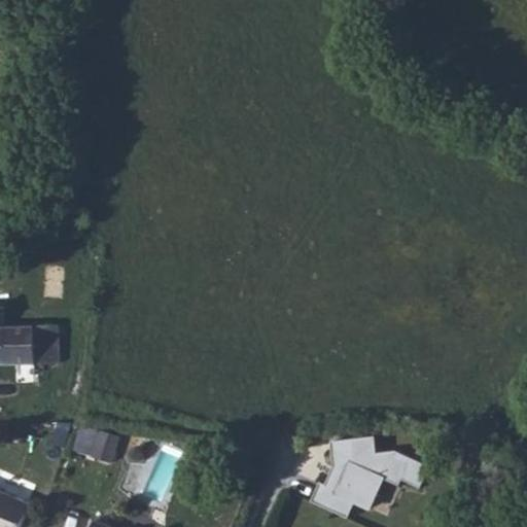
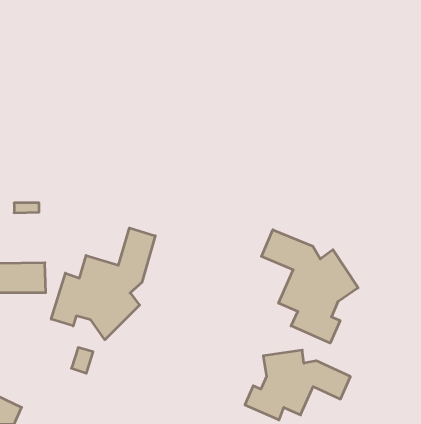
building: none -> [51,228,155,340]
building: none -> [261,230,358,343]

